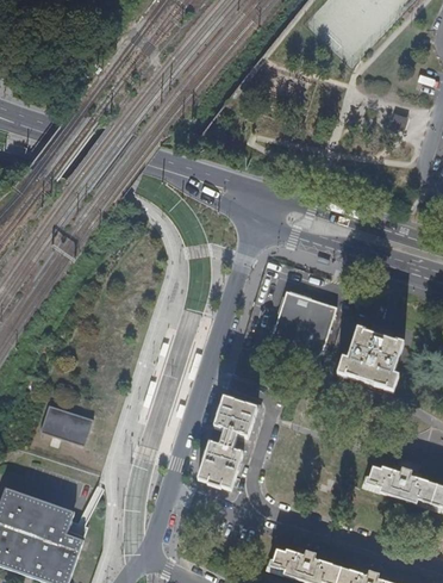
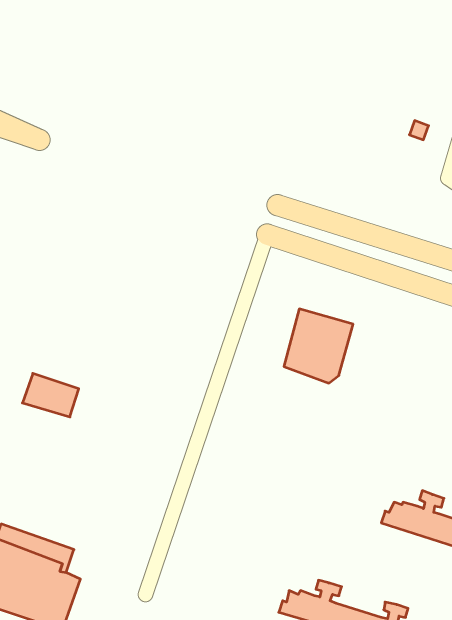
building: [339,329,404,395] -> none
building: [198,399,257,492] -> none
building: [43,405,95,446] -> [22,373,79,417]

